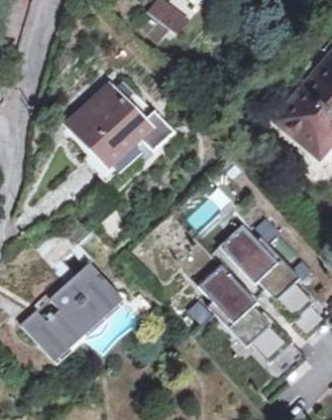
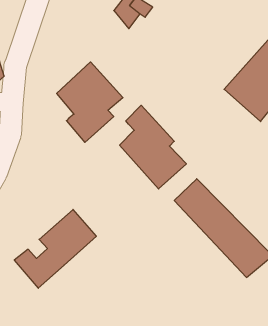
building: none -> [120,105,186,189]
building: [198,269,304,382] -> none

